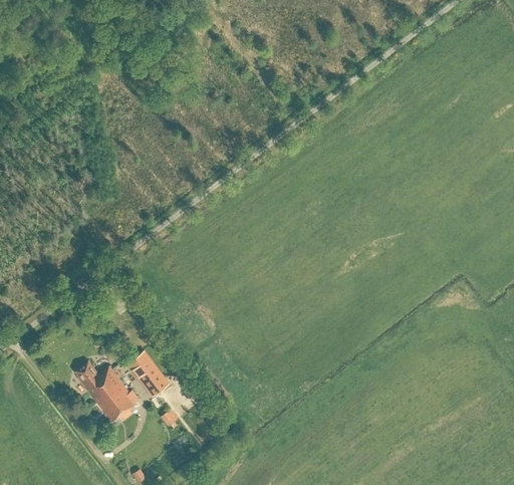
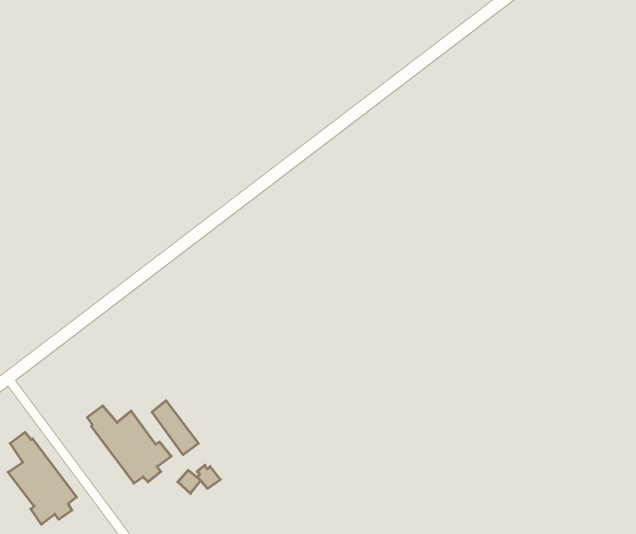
building: none -> [8,432,77,524]

